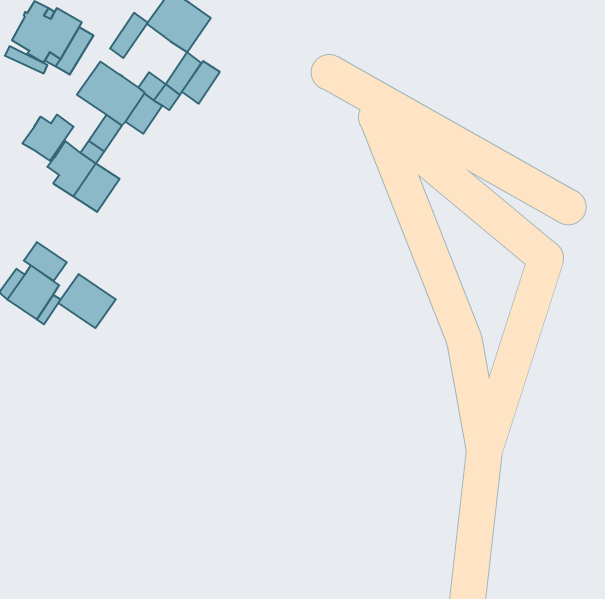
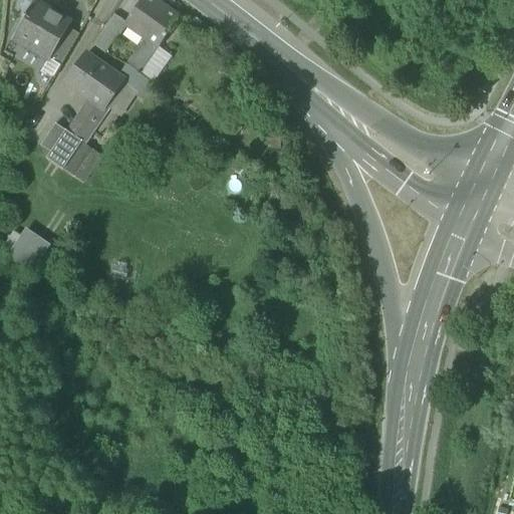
building: [182,61,220,104] -> [126,35,159,71]
building: [22,115,74,161] -> none
building: [24,242,67,281] -> none
building: [58,274,116,328] -> none

